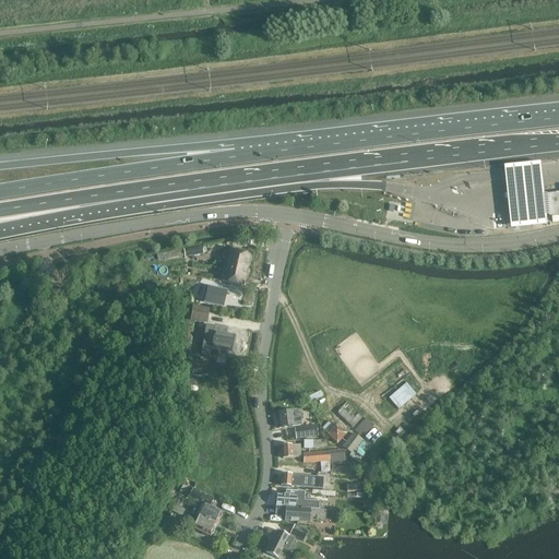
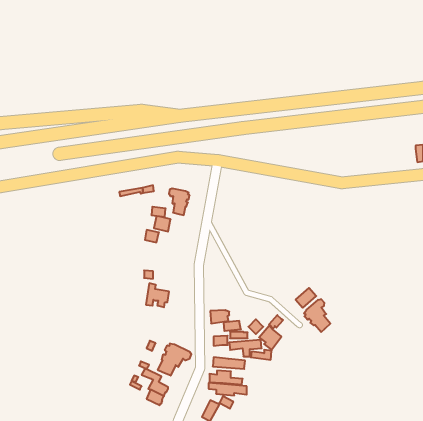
building: [504,165,547,229] -> none
building: [202,324,233,356] -> [146,283,169,307]
building: none -> [304,299,330,332]
building: none -> [158,343,191,376]

